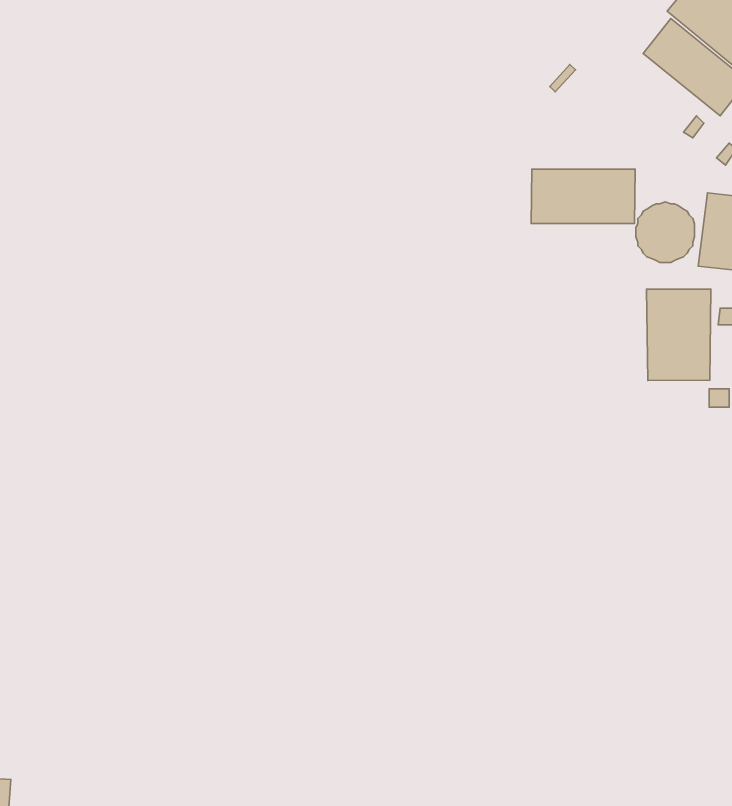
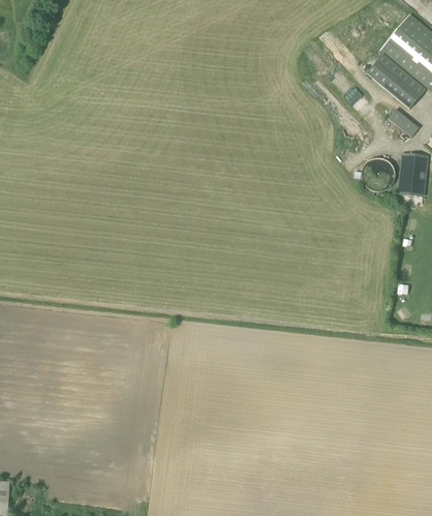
building: [531,169,635,224] -> none
building: [647,289,711,380] -> none

